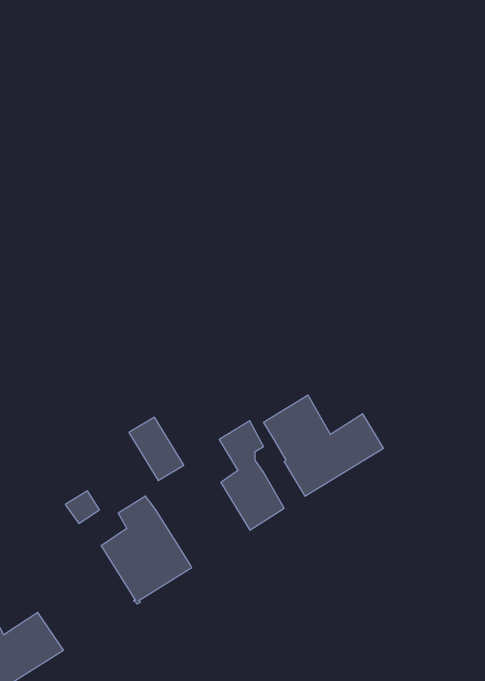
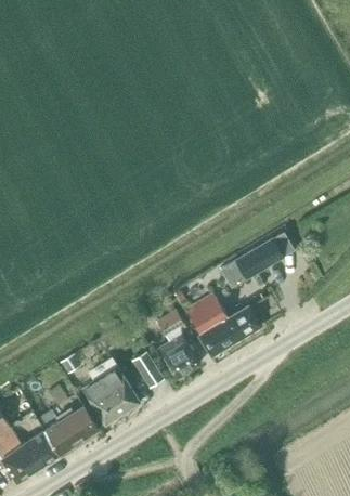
building: none -> [235,237,284,279]
building: [129,417,184,481] -> [131,349,166,389]
building: none -> [37,404,98,454]

